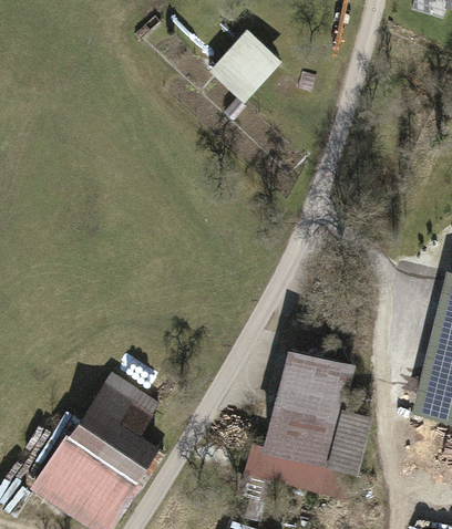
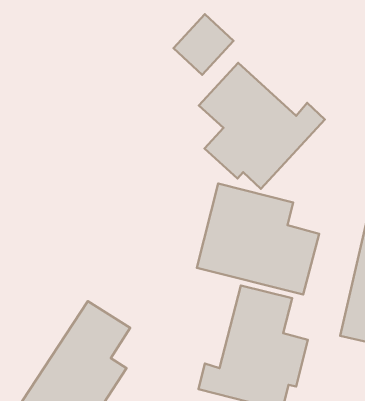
building: none -> [199,63,325,189]
building: none -> [197,184,319,294]

